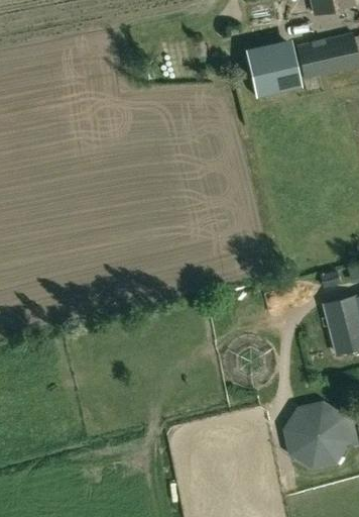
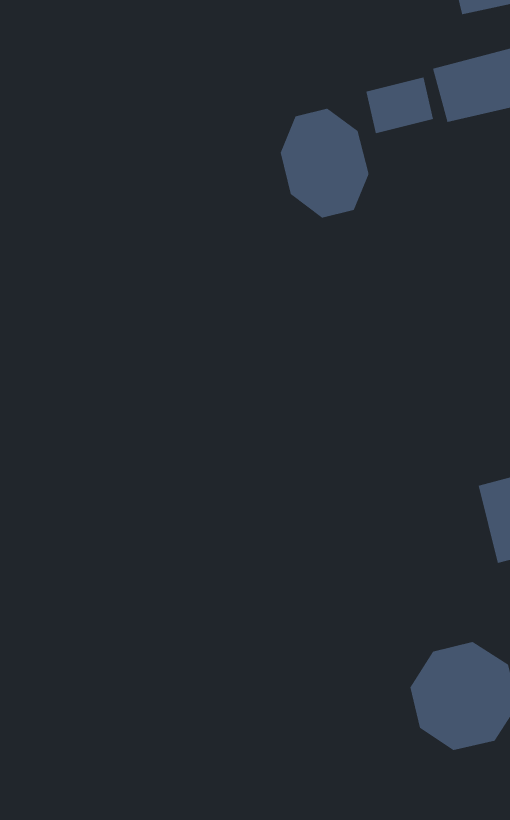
building: none -> [280,108,369,219]

